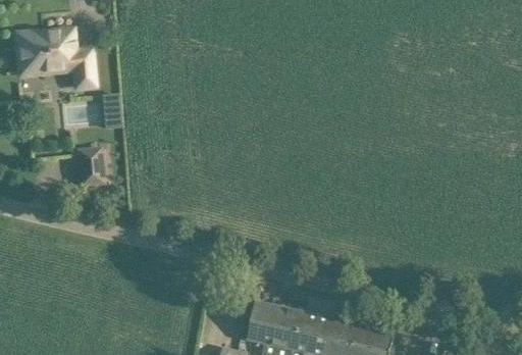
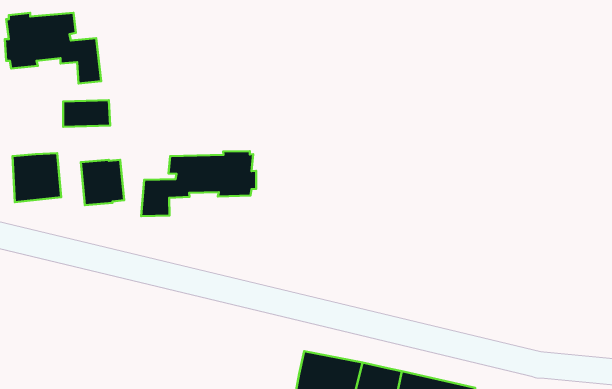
building: none -> [141,151,256,216]
building: none -> [12,153,61,202]

